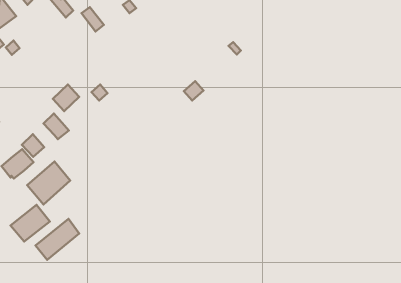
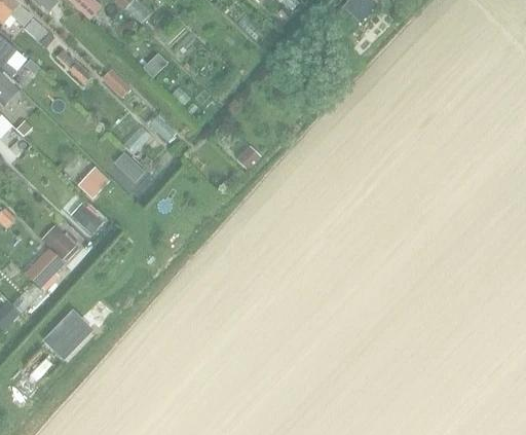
building: [27,162,70,204] -> none
building: [35,219,79,260] -> none

